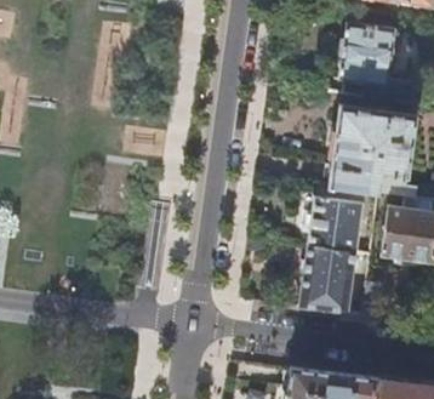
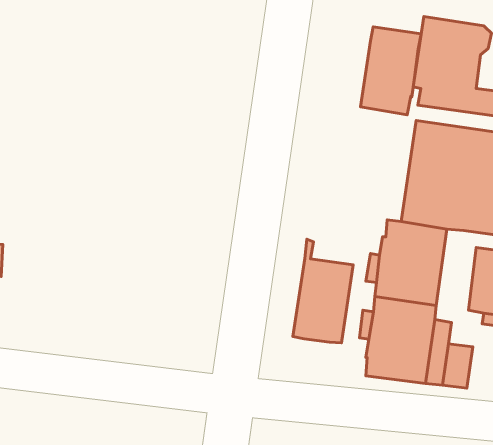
building: none -> [360,27,421,115]
building: none -> [293,239,353,343]

